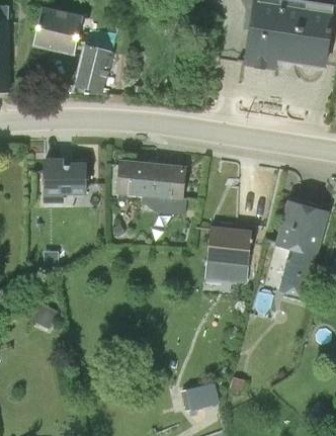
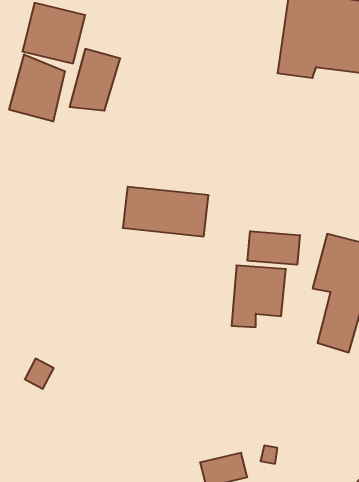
building: none -> [9,54,65,122]
building: [44,166,86,202] -> none
building: none -> [248,231,300,265]

